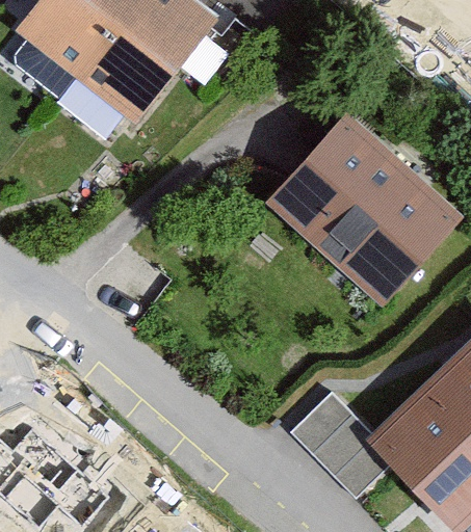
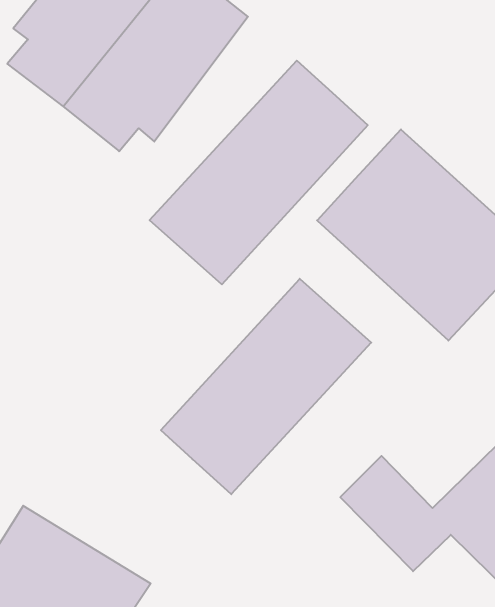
building: none -> [150,61,368,284]
building: none -> [161,279,371,494]

